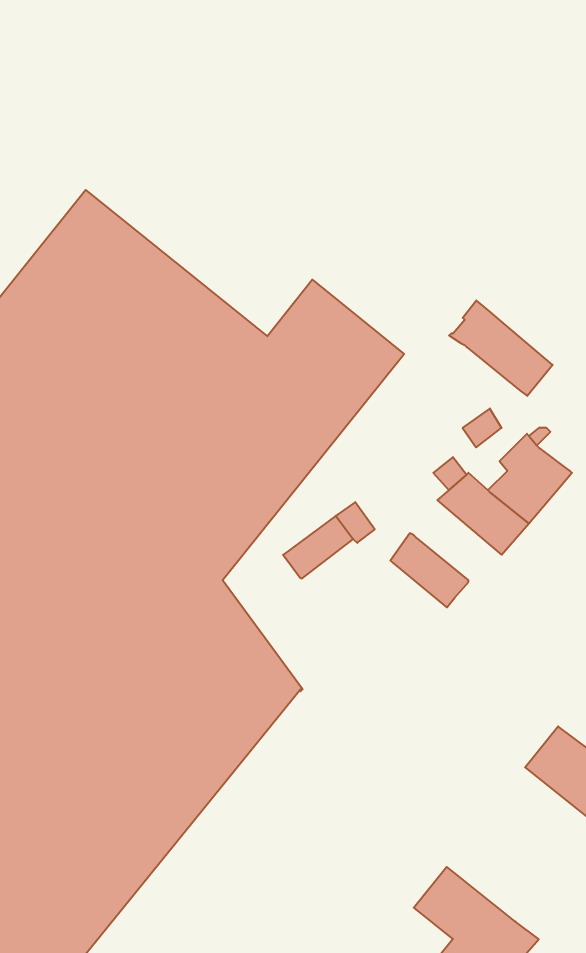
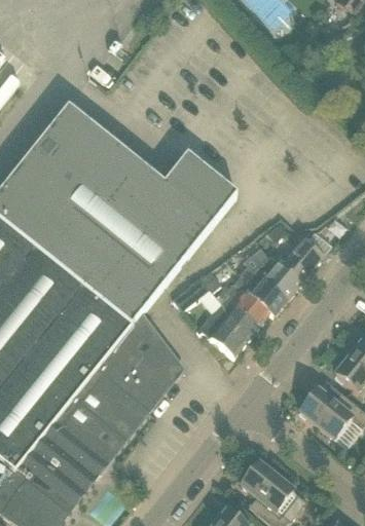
building: [449,300,553,396] -> [232,263,287,313]
building: none -> [199,292,258,355]

